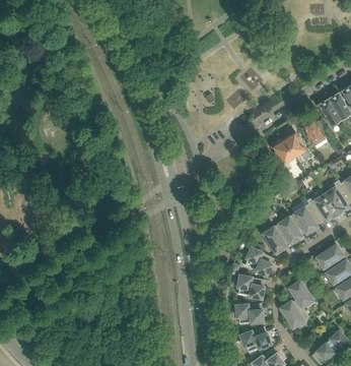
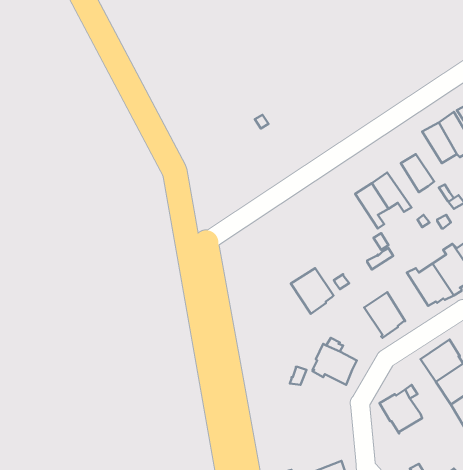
building: [294,199,322,233] -> none
building: [263,223,291,253] -> [291,268,333,314]
building: [237,274,265,297] -> none
building: [280,299,309,327] -> none
building: [236,302,263,324] -> none

